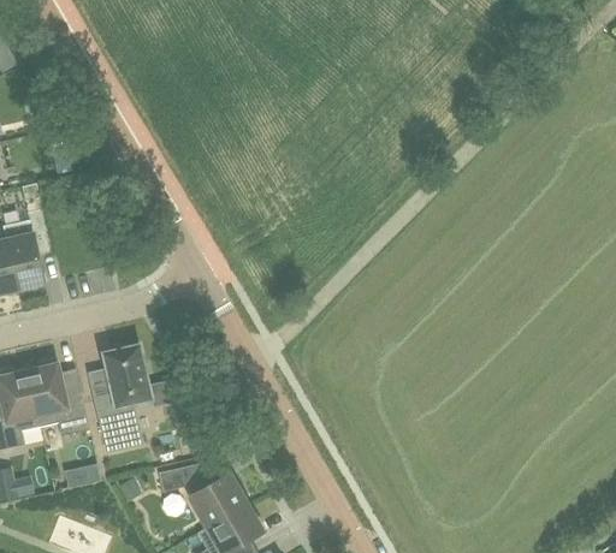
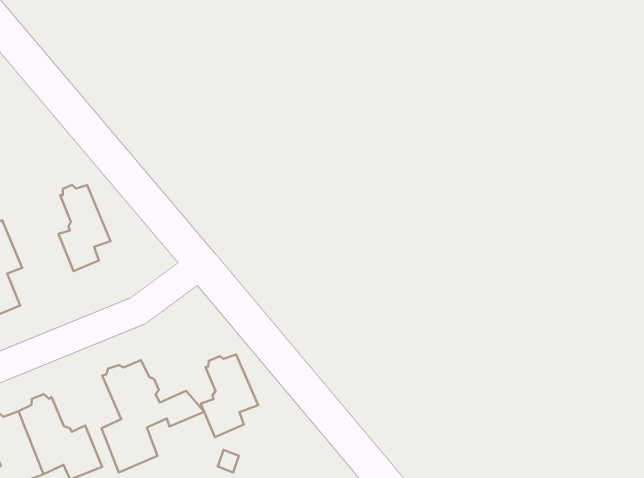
building: none -> [59,185,111,271]
building: none -> [201,355,258,437]

